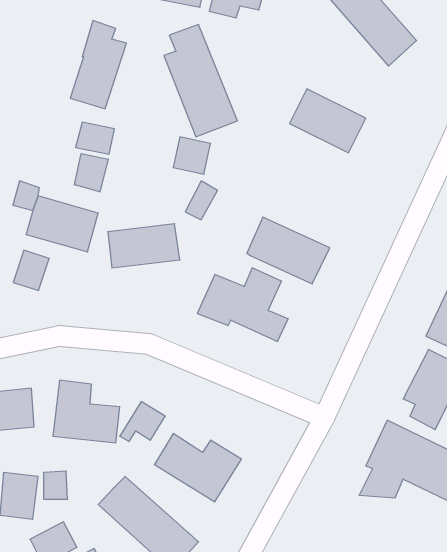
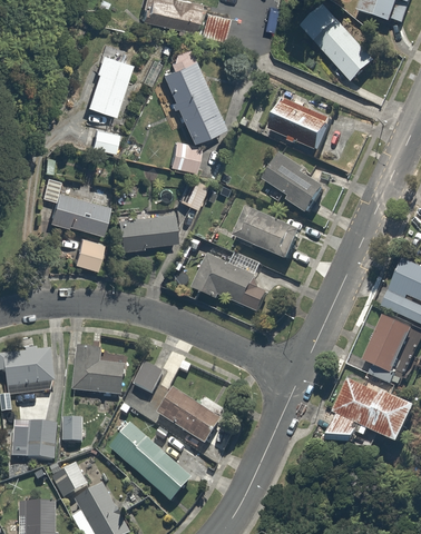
building: none -> [258,154,325,214]
building: [75,154,108,192] -> none
building: [13,250,49,290] -> [74,237,104,270]

